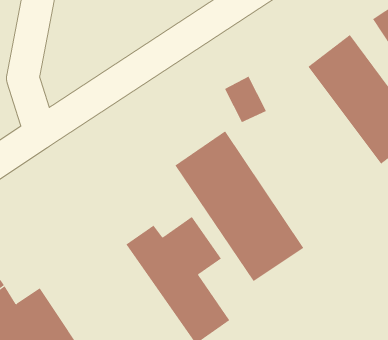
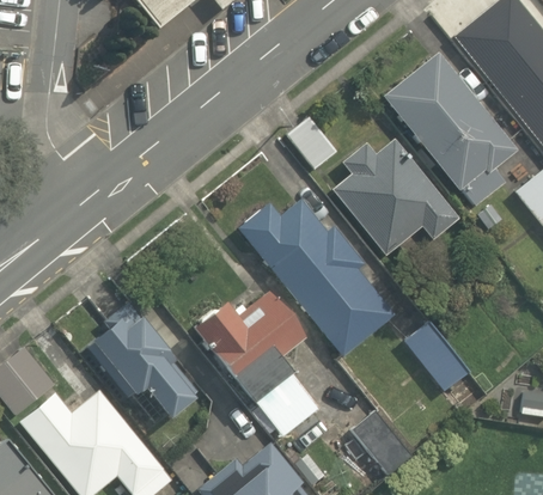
building: none -> [335,141,458,256]
building: none -> [84,302,201,426]
building: none -> [404,323,471,393]

